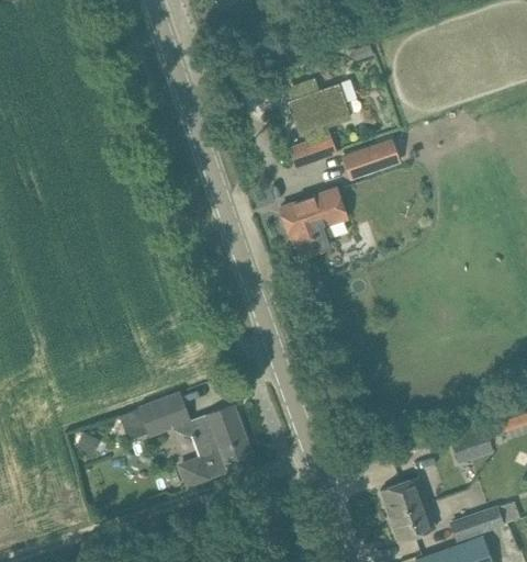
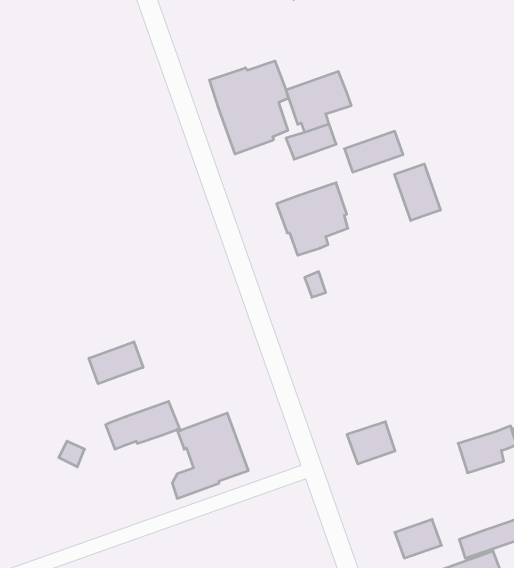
building: none -> [209,61,288,154]
building: none -> [395,164,440,221]
building: none -> [89,342,143,384]
building: [380,479,425,518] -> [347,422,395,464]

